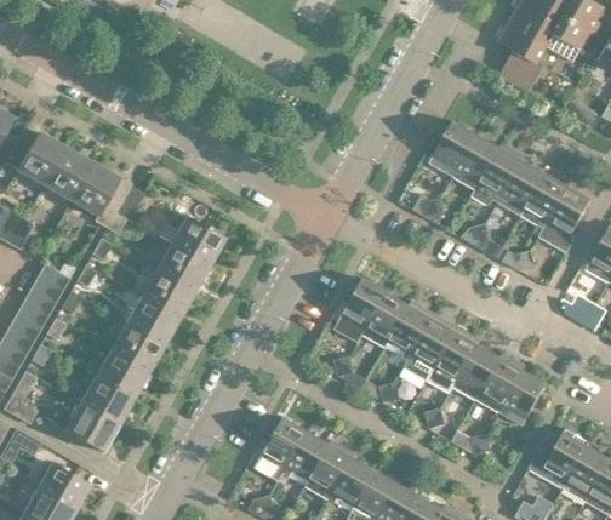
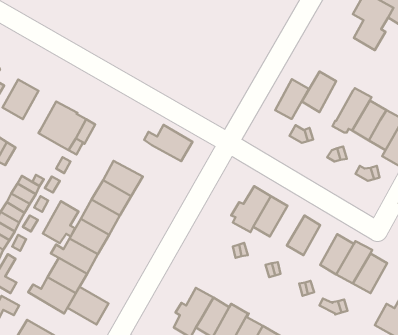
building: [452,133,498,188] -> [275,79,309,119]
building: [45,147,91,205] -> none
building: [159,215,225,264] -> [144,125,193,161]
building: none -> [43,201,79,243]
building: [384,304,432,359] -> none
building: [426,331,476,393] -> none
building: none -> [68,287,108,325]

